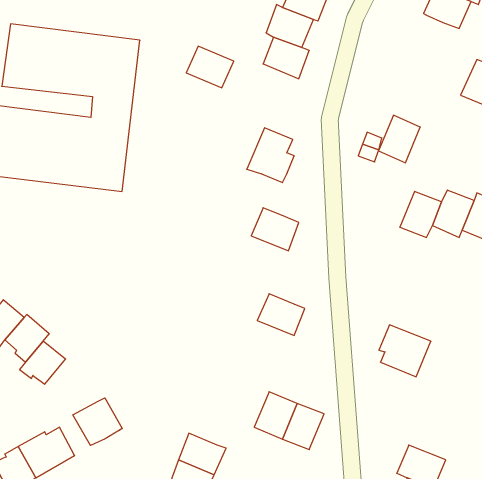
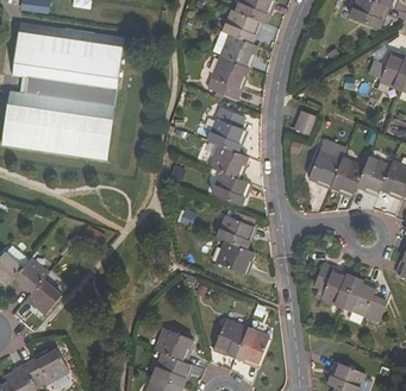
building: [186,46,234,88] -> [211,56,249,89]
building: [379,115,420,163] -> [308,149,342,187]
building: none -> [210,144,248,178]
building: none -> [217,209,255,248]
building: none -> [343,278,387,322]
building: [73,398,122,445] -> none
building: none -> [155,327,193,361]

